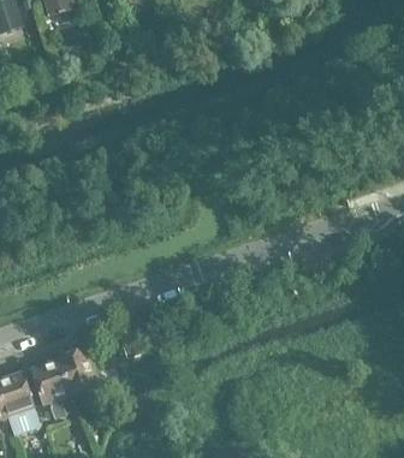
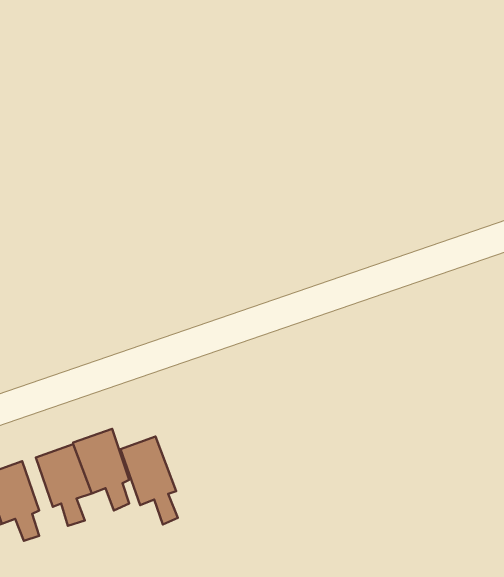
building: none -> [121,437,178,525]

